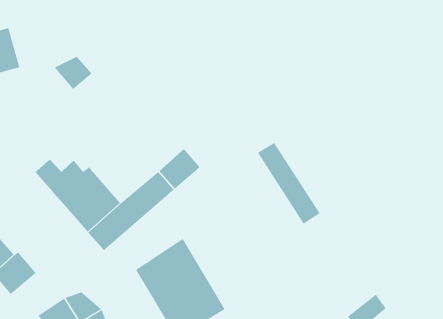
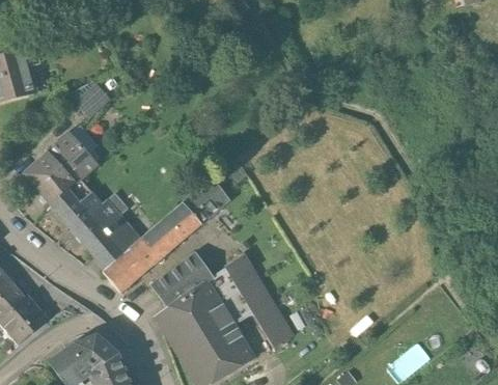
building: none -> [21,136,93,207]
building: [257,142,320,225] -> [224,254,293,343]
building: none -> [153,251,213,304]

